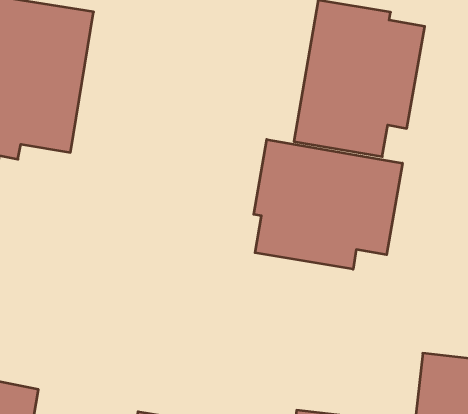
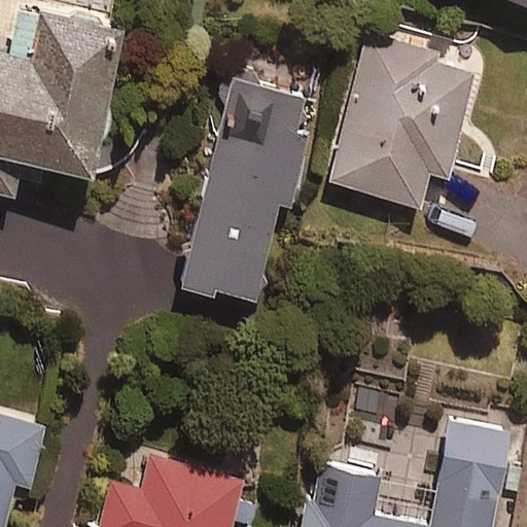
building: none -> [183,83,310,298]
building: [254,139,402,269] -> none

